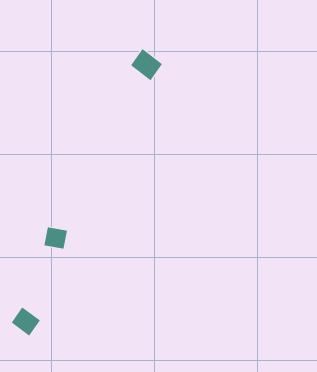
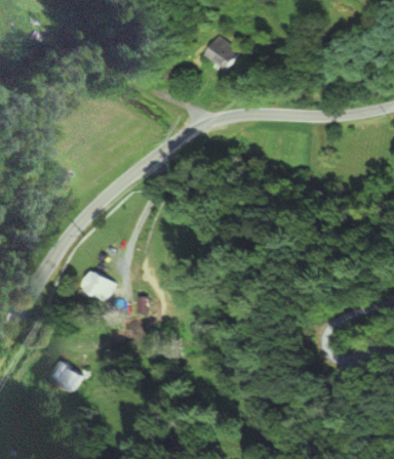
building: [130,48,163,81] -> [202,36,238,72]

